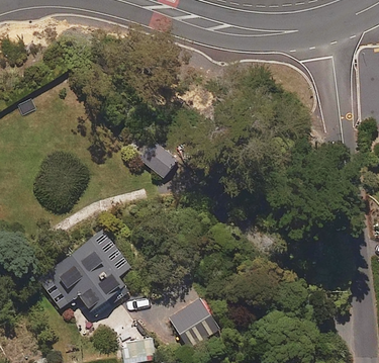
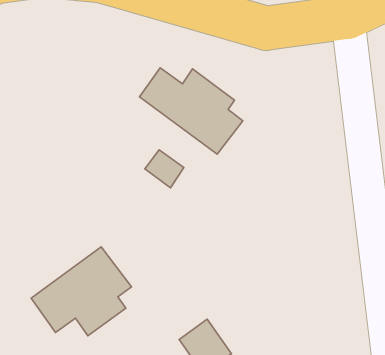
building: none -> [140,68,243,154]

